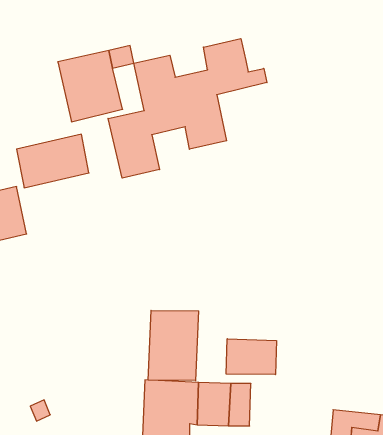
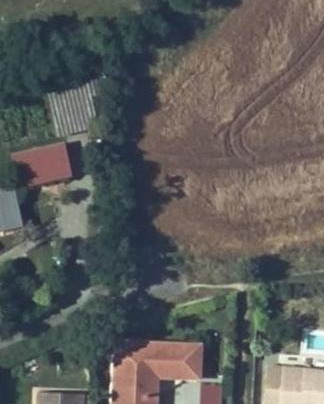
building: [108,39,267,178] -> none
building: [148,310,199,381] -> none
building: [226,339,276,375] -> none

